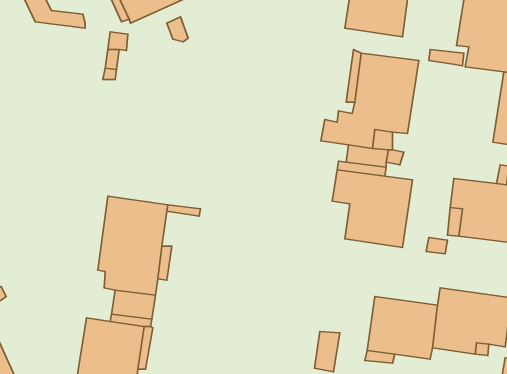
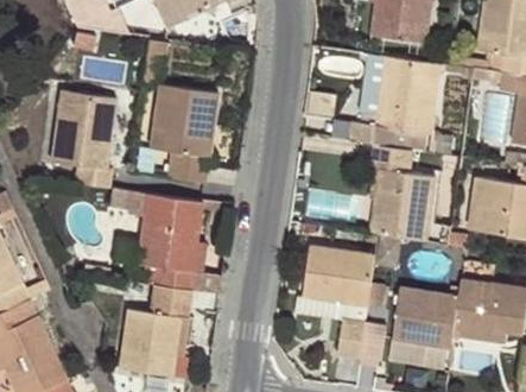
building: none -> [151,83,220,183]
building: none -> [51,89,134,189]
building: none -> [303,246,374,306]

